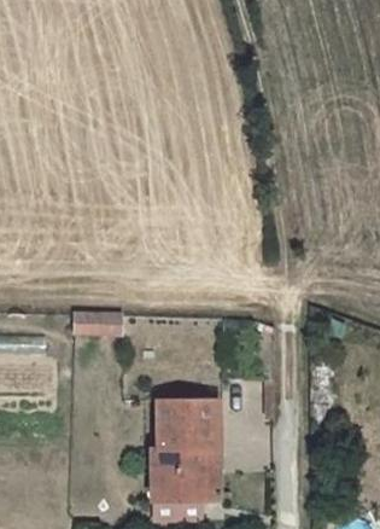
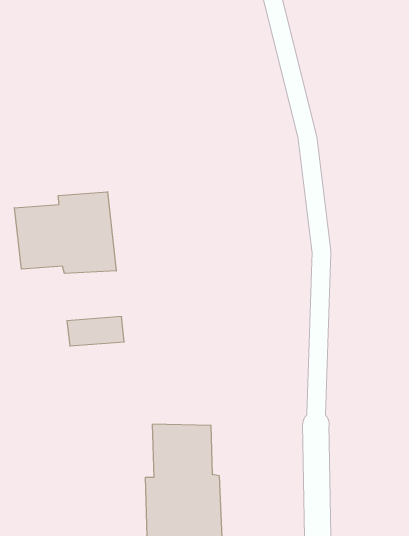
building: none -> [14,192,116,273]

